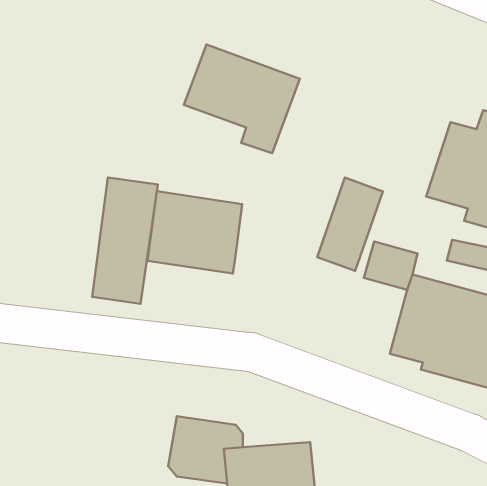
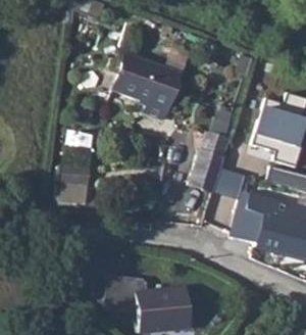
building: [147,191,242,274] -> none

